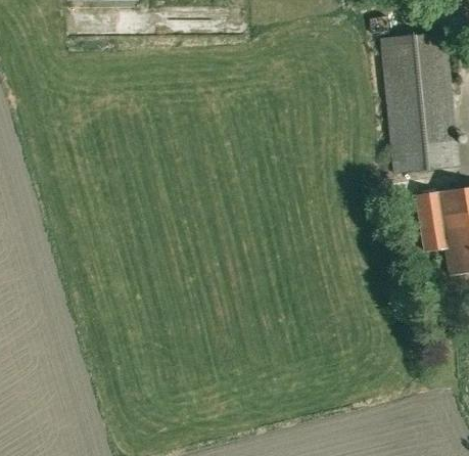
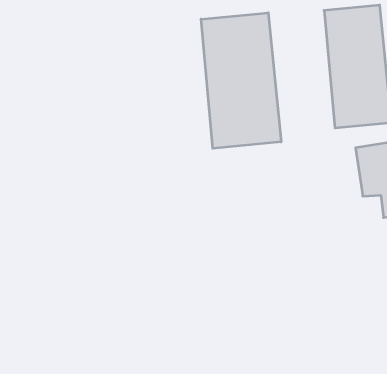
building: none -> [201,13,281,148]

